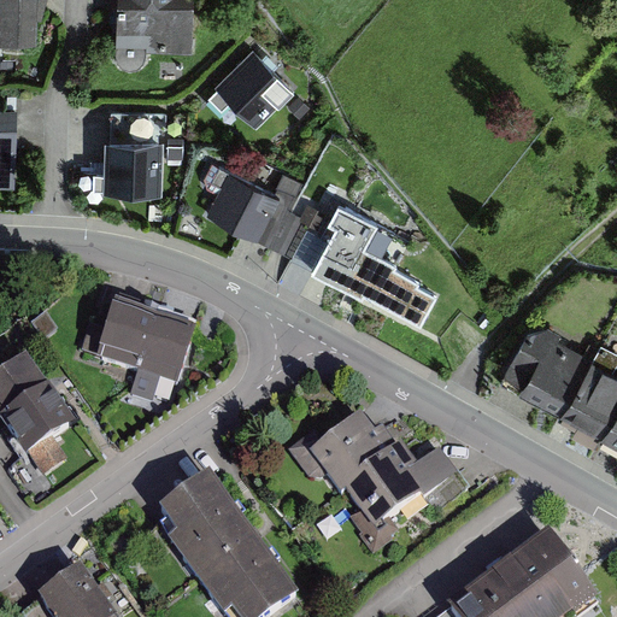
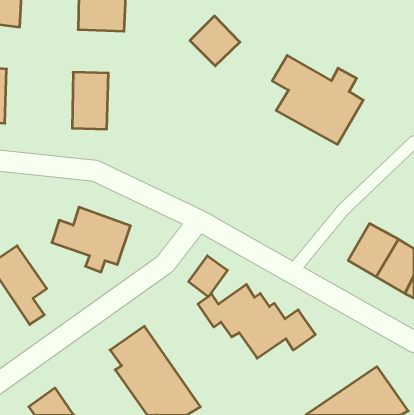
building: [213,42,287,116] -> [190,16,240,66]
building: none -> [272,55,363,144]
building: [208,168,298,245] -> none
building: [312,216,441,329] -> none
building: none -> [189,256,227,297]

